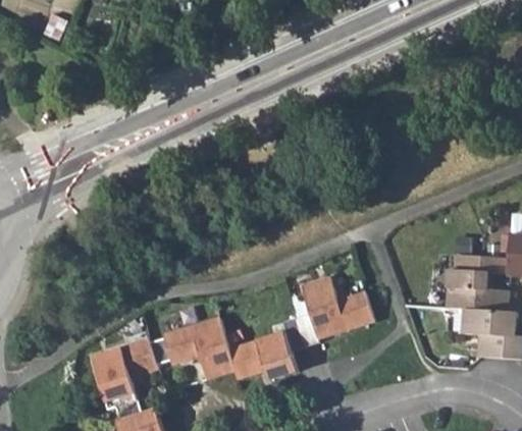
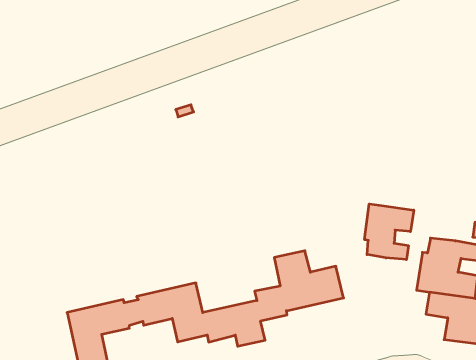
building: none -> [365,204,414,260]

